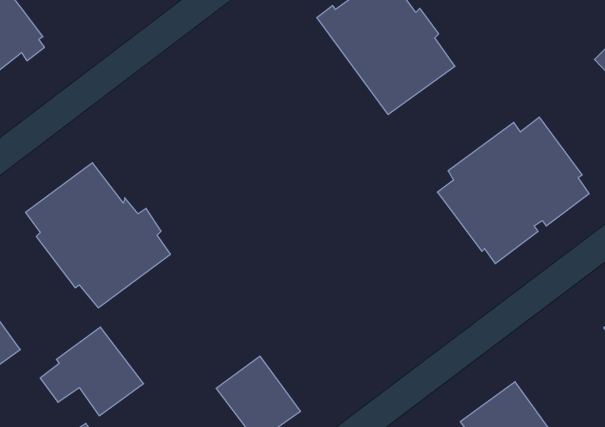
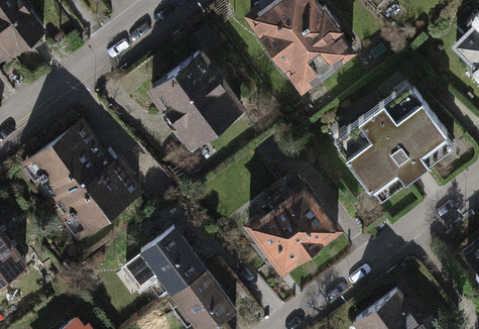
building: none -> [152,54,241,145]
building: none -> [250,180,337,269]
building: [40,327,144,416] -> [128,228,206,295]

